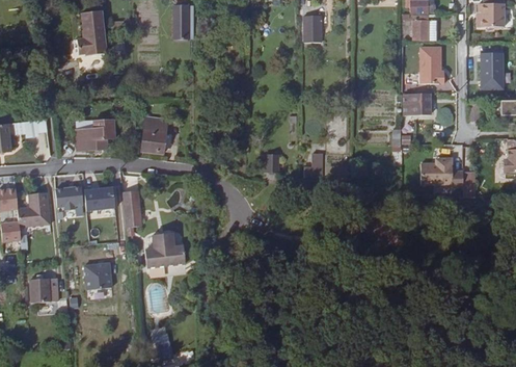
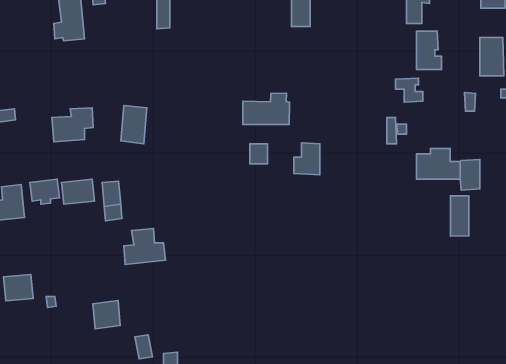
building: none -> [243,93,289,125]
building: none -> [451,196,469,236]
building: [85,262,111,289] -> [93,300,120,329]

